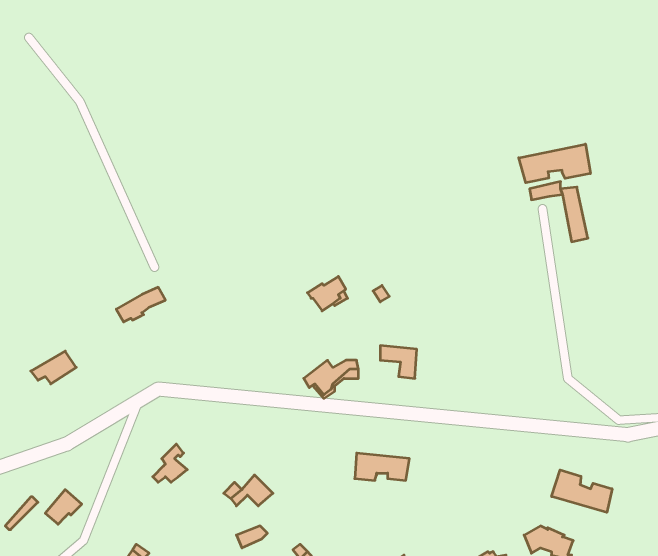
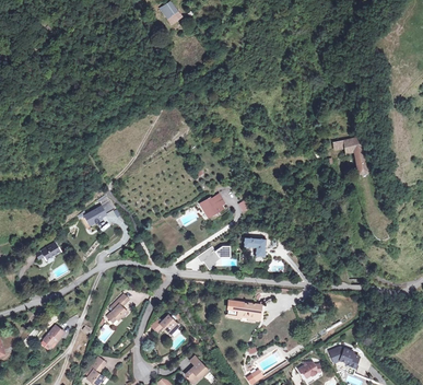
building: [519,144,590,183] -> none
building: [552,470,612,512] -> none

